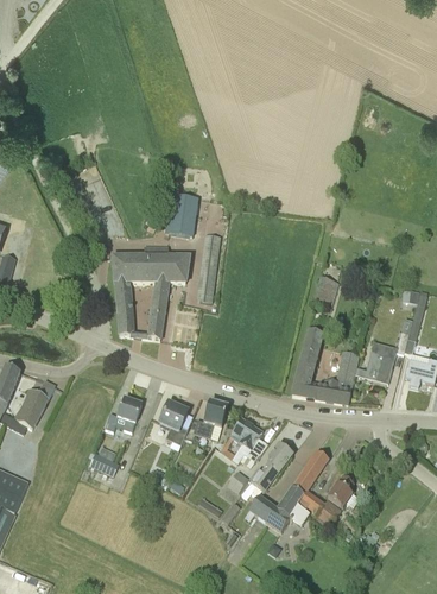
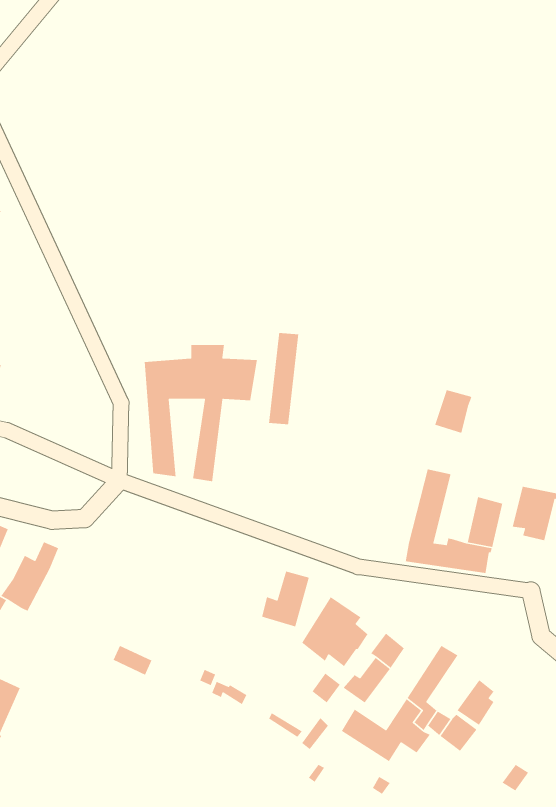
building: [169,194,198,235] -> none
building: [106,398,141,431] -> none
building: [159,402,192,444] -> none

